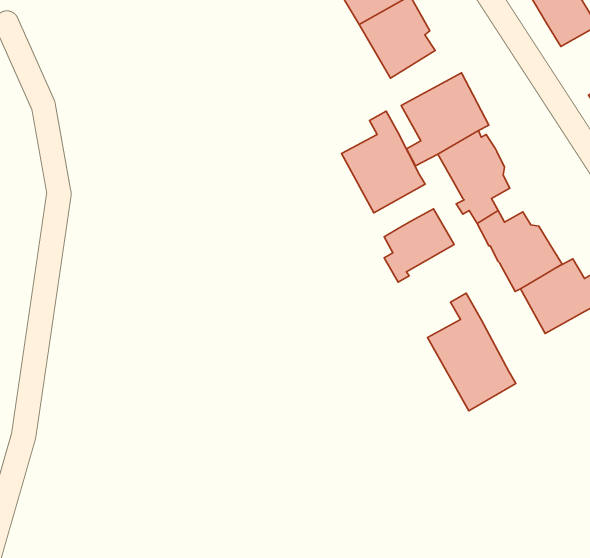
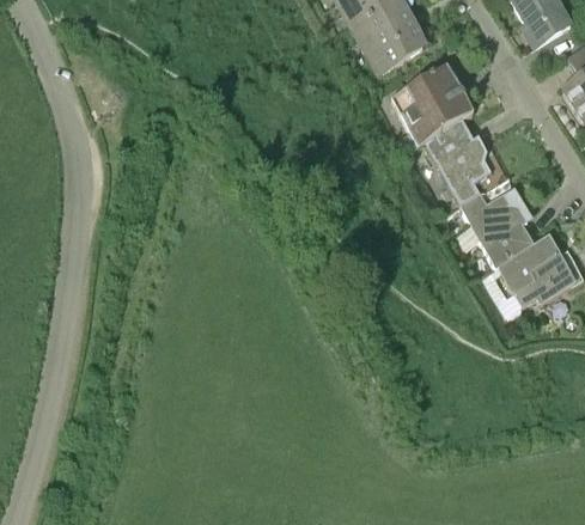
building: [342,111,425,213] -> none
building: [384,209,454,282] -> none
building: [428,293,516,411] -> none

